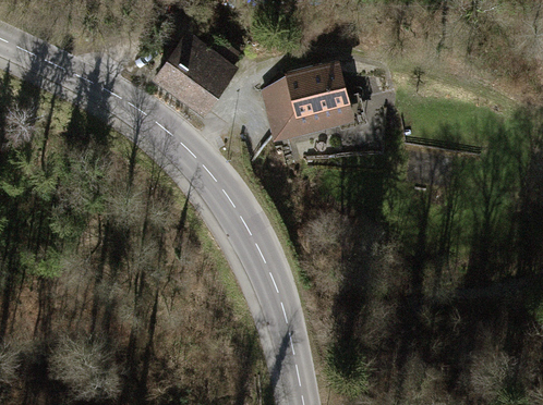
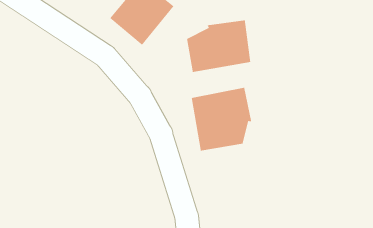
building: none -> [191,87,252,151]

